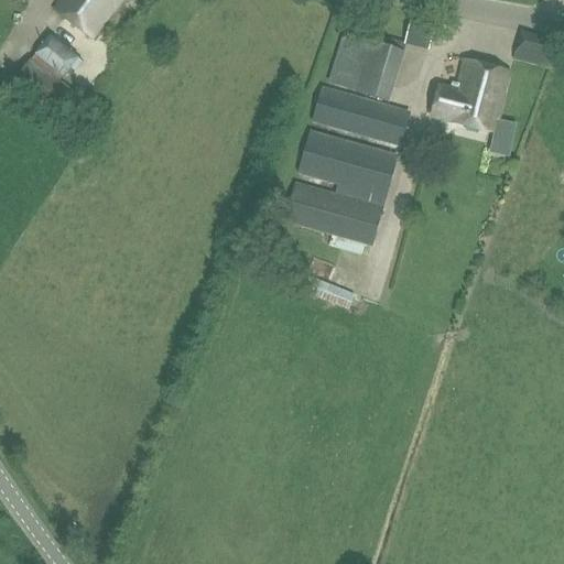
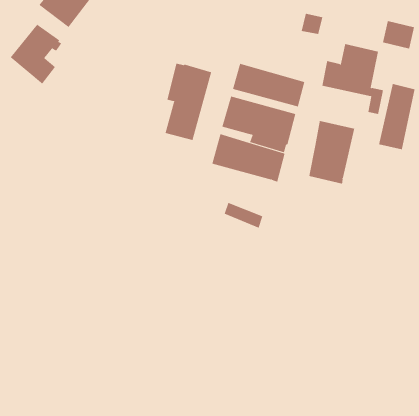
building: [328,30,403,99] -> none
building: none -> [165,63,212,141]
building: none -> [379,83,415,150]
building: none -> [309,120,355,185]

